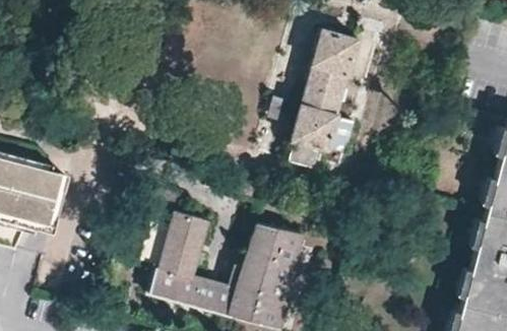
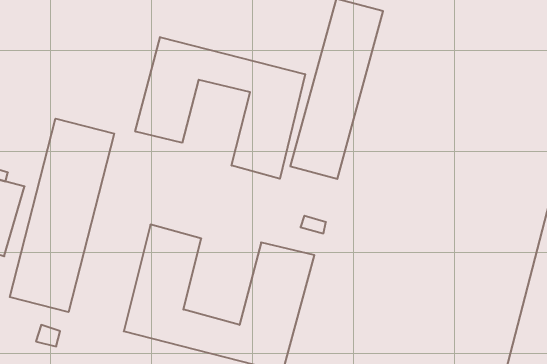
building: none -> [135,37,305,179]
building: none -> [10,119,114,312]

